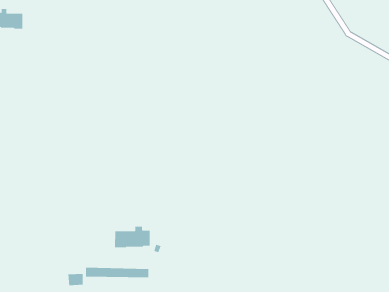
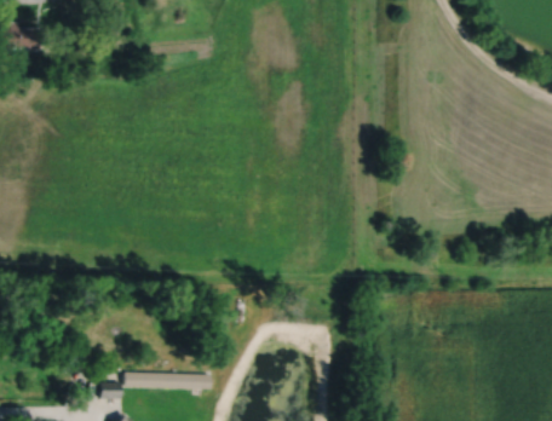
building: [115,226,150,248] -> none

